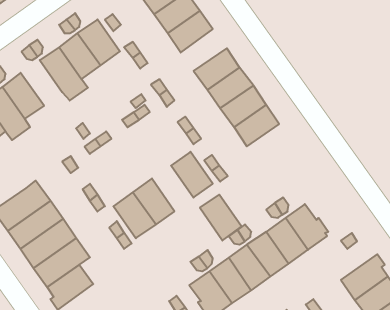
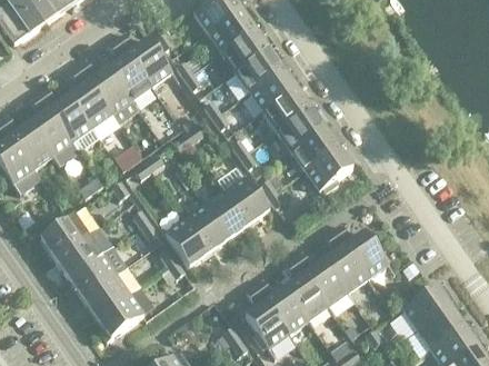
building: none -> [234,48,282,91]
building: none -> [68,80,119,137]
building: none -> [303,147,351,191]
building: [200,195,242,241] -> [204,190,248,238]

